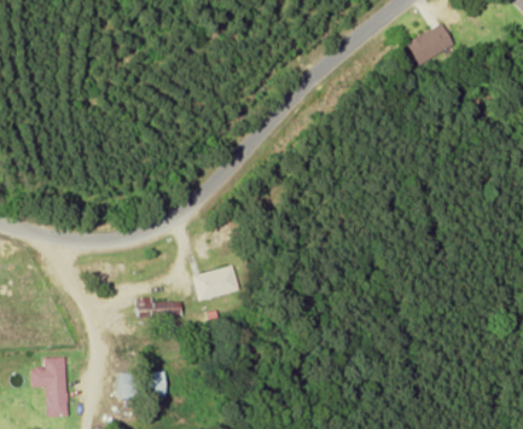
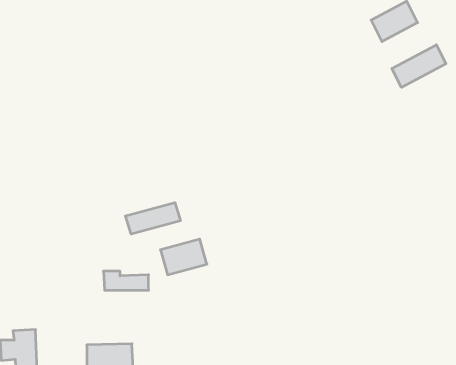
building: none -> [392,45,446,87]
building: none -> [125,203,180,234]

